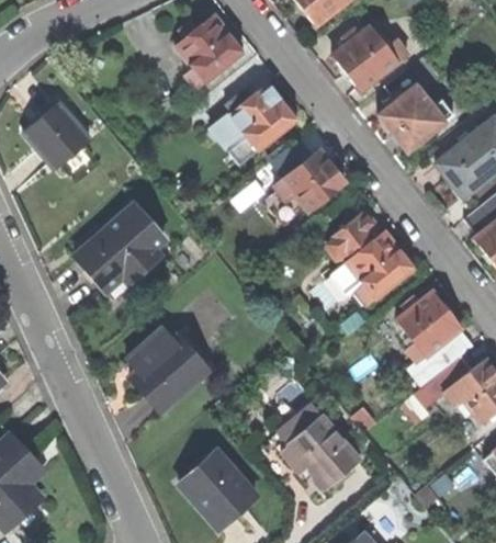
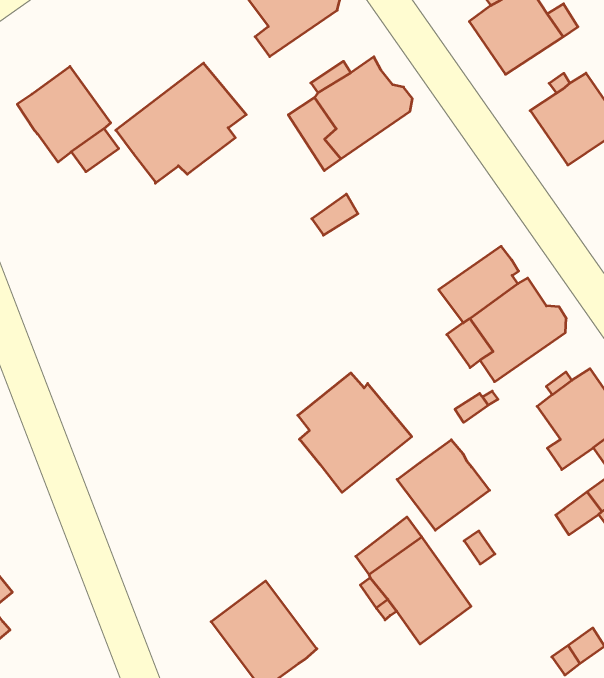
building: [277,150,347,211] -> none
building: [75,205,165,291] -> [116,63,246,183]
building: [127,329,207,412] -> [298,373,412,492]
building: none -> [397,440,490,530]

